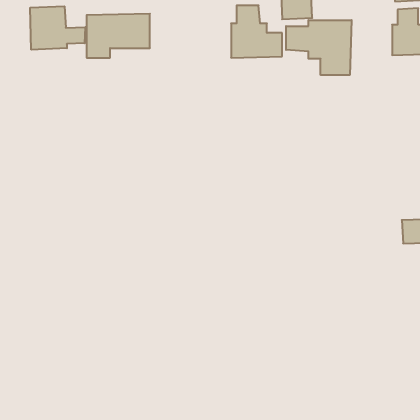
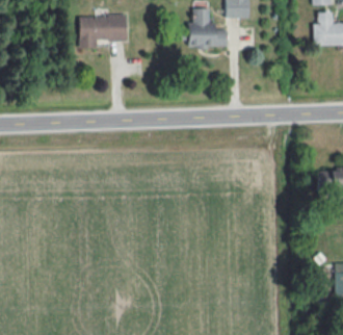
building: [30,6,85,50] -> none
building: [286,20,352,75] -> none

